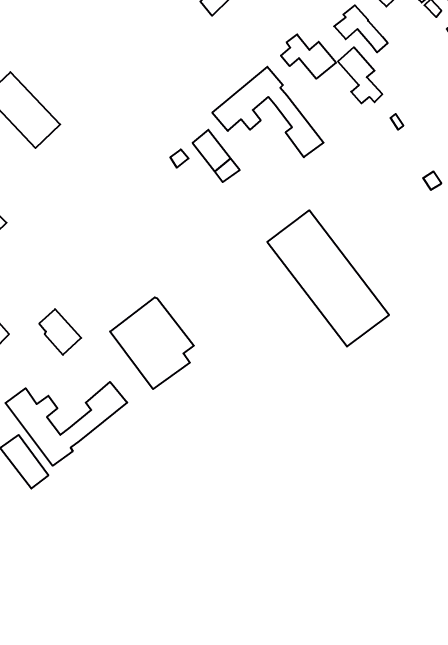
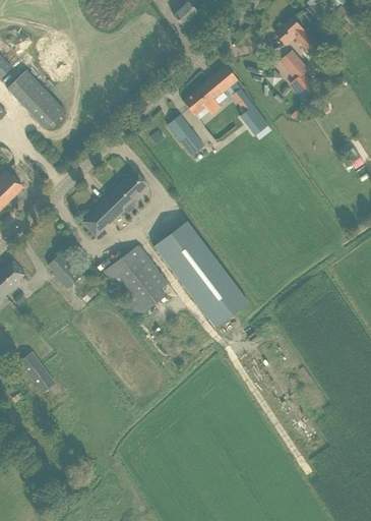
building: [281,34,336,79] -> none
building: none -> [80,171,146,236]
building: [267,210,389,347] -> [152,221,247,327]
building: [5,382,127,466] -> none

